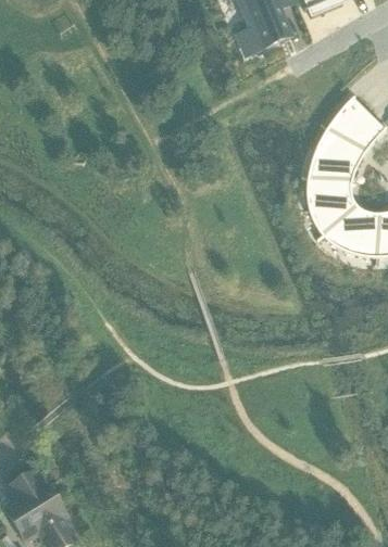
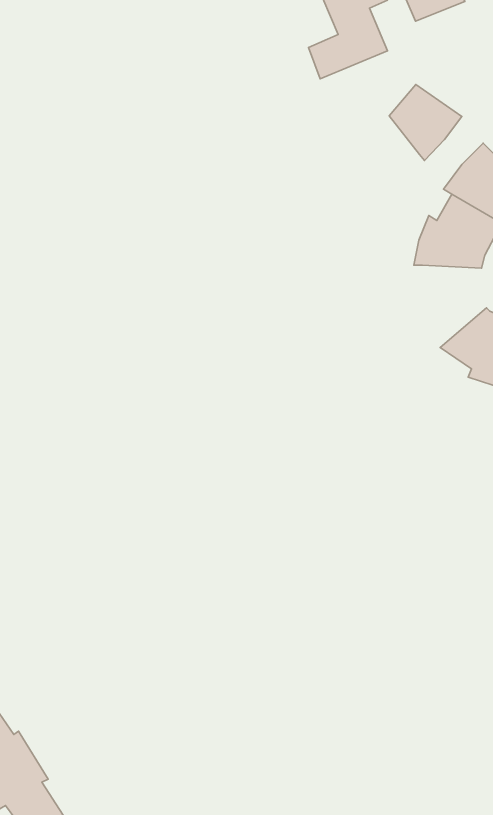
building: none -> [389,84,462,161]
building: [306,176,355,233] -> none

